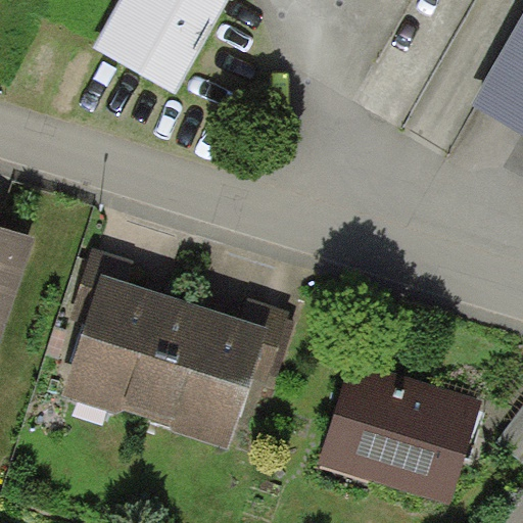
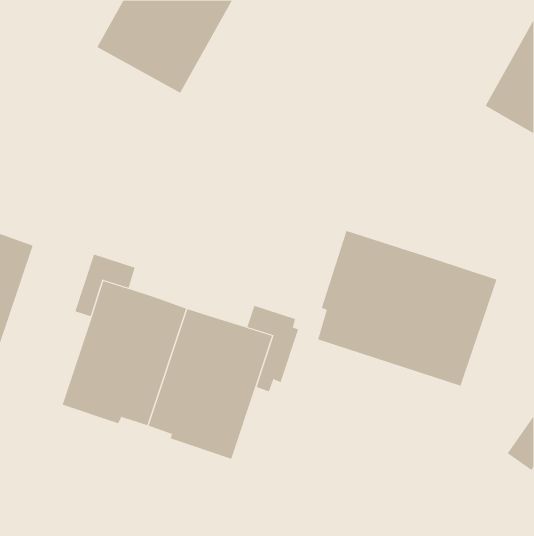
building: none -> [317,230,497,386]
building: [319,363,483,508] -> none

